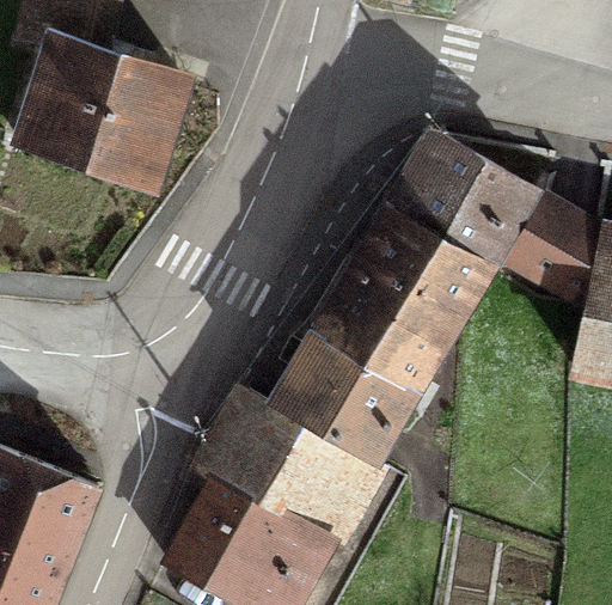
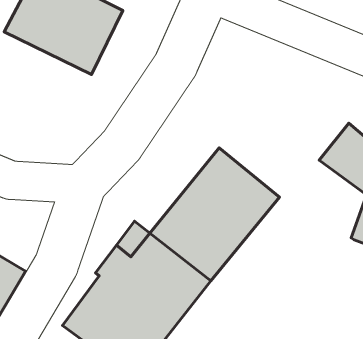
building: [356,135,532,325] -> none

